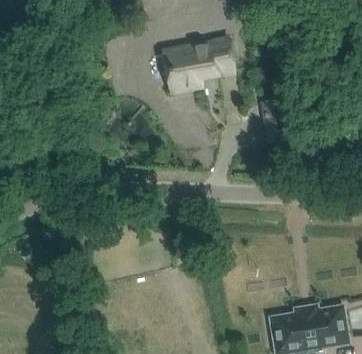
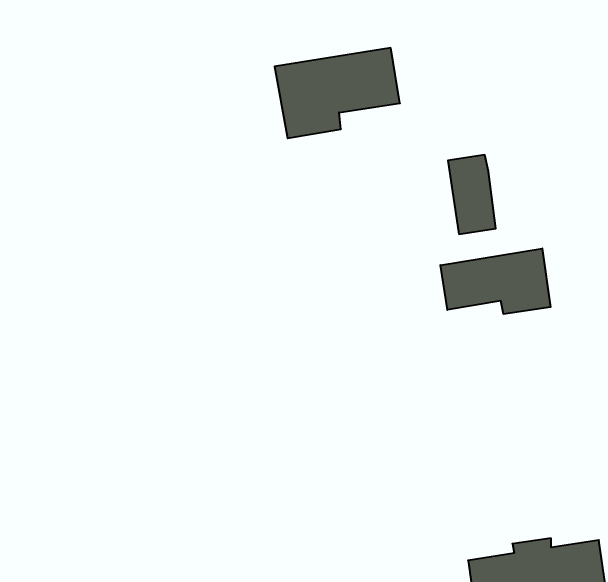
building: none -> [440,248,551,314]

